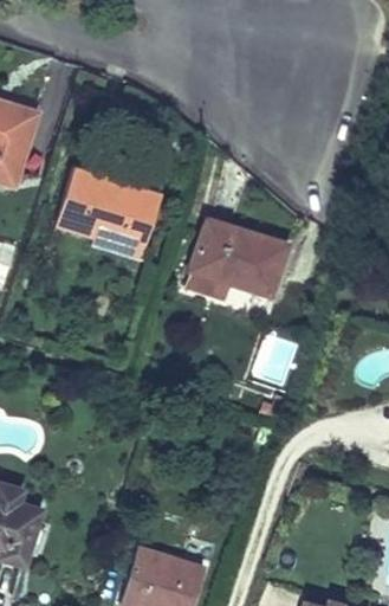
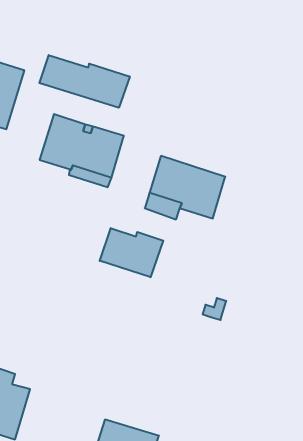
building: none -> [39,55,130,108]
building: none -> [100,228,163,277]

